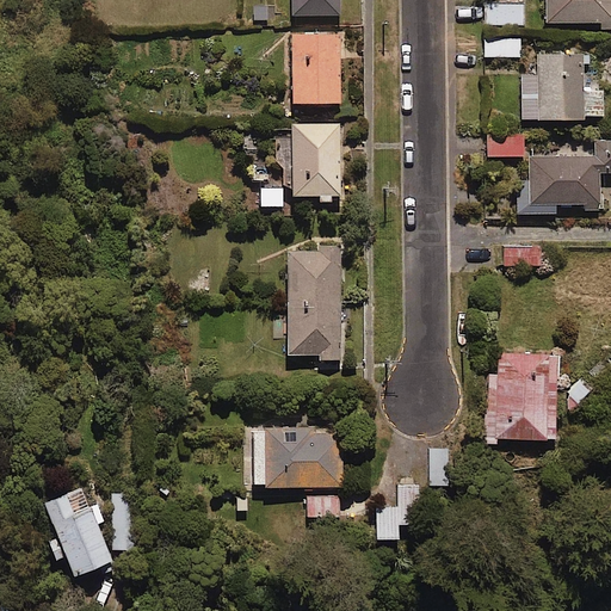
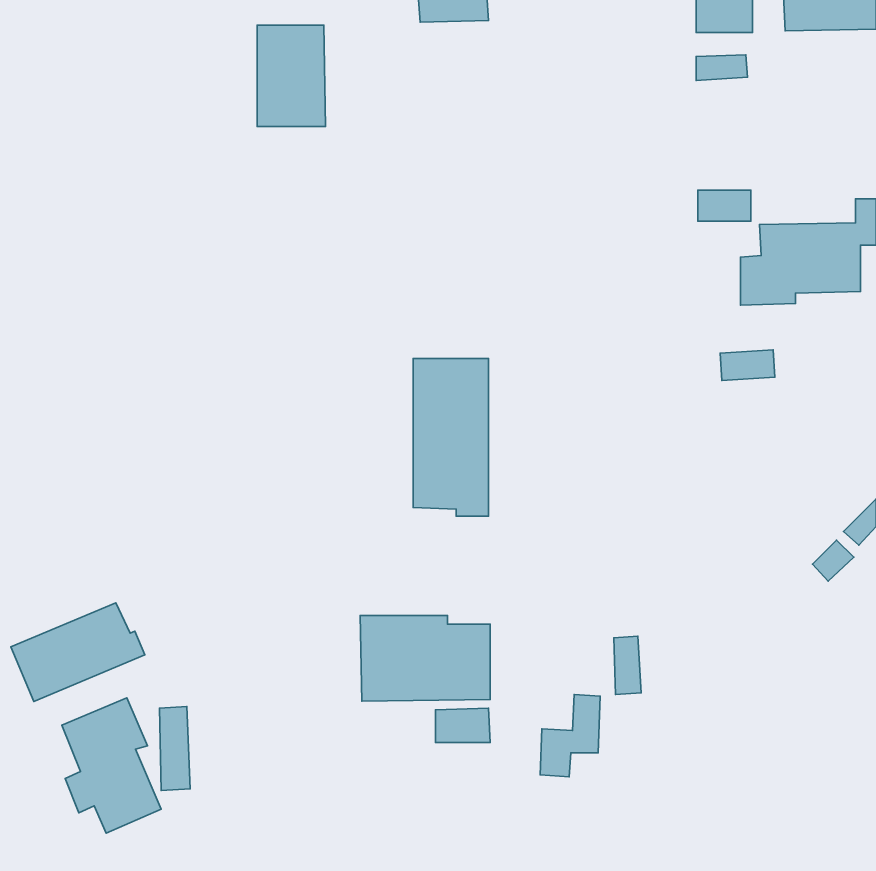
building: [292,33,340,104] -> [257,25,326,126]
building: [521,55,601,119] -> none
building: [289,123,340,196] -> none
building: [486,351,558,440] -> none
building: none -> [11,603,145,702]

